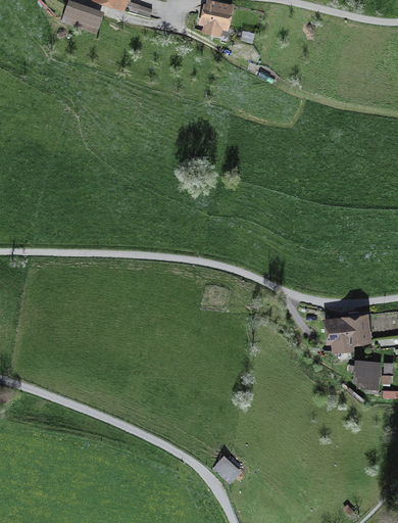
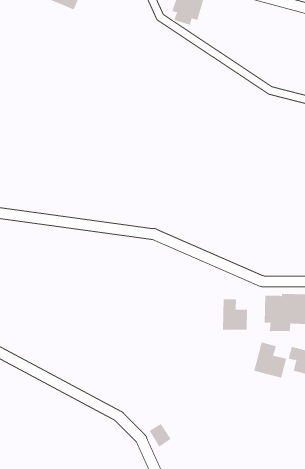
building: none -> [222,298,247,331]
building: none -> [253,342,287,379]

